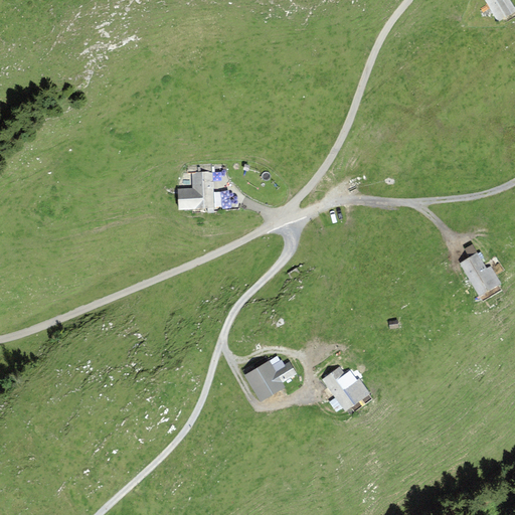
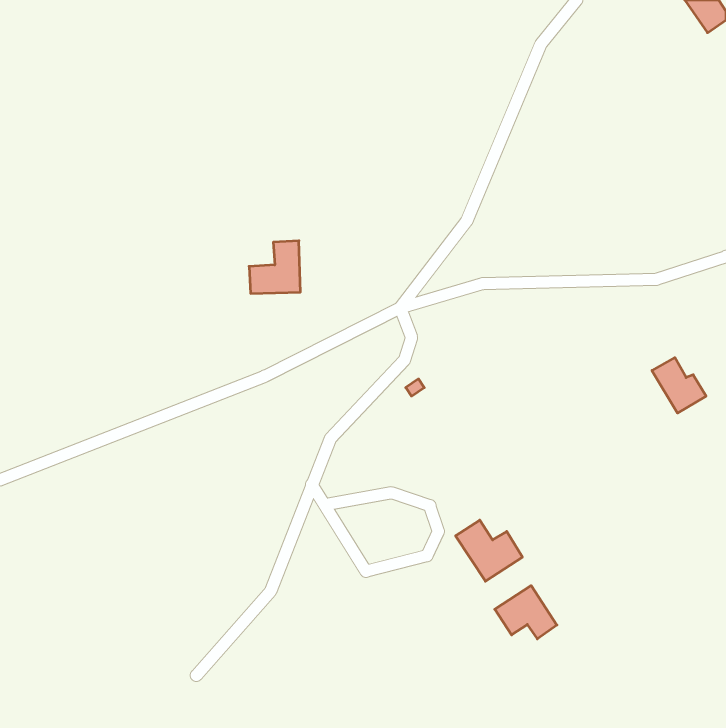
building: [245,359,295,397] -> none
building: none -> [495,586,557,639]

